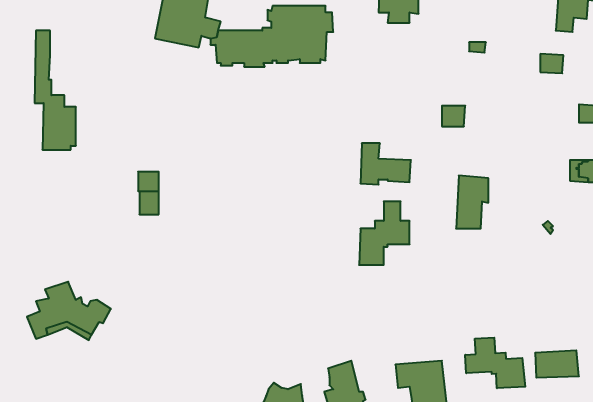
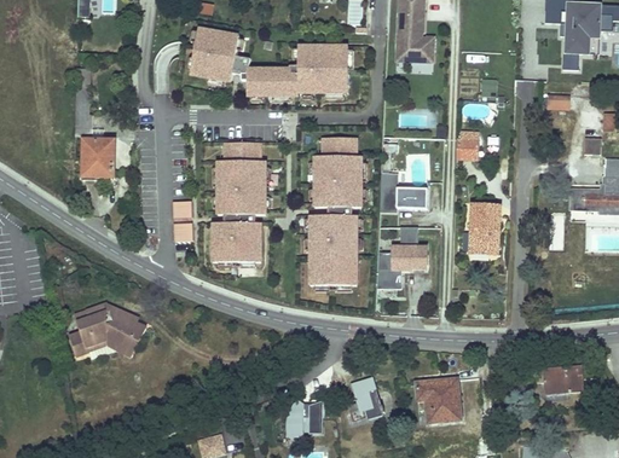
building: none -> [306,134,365,288]
building: none -> [210,144,270,265]
building: [465,338,525,388] -> none

